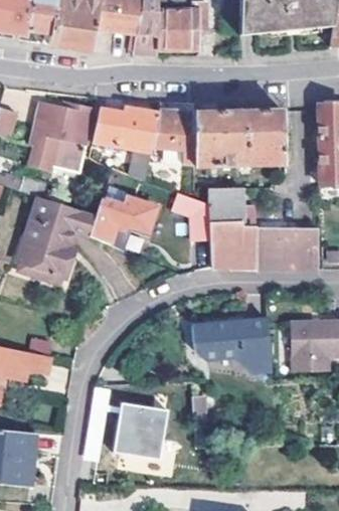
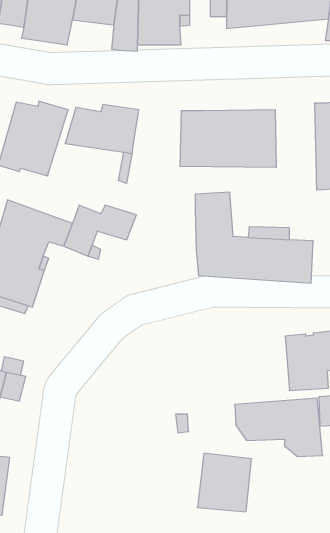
building: [153,111,197,163] -> none
building: [175,193,211,242] -> none
building: [191,312,273,366] -> [235,398,323,457]
building: [117,405,167,460] -> [197,453,252,512]

